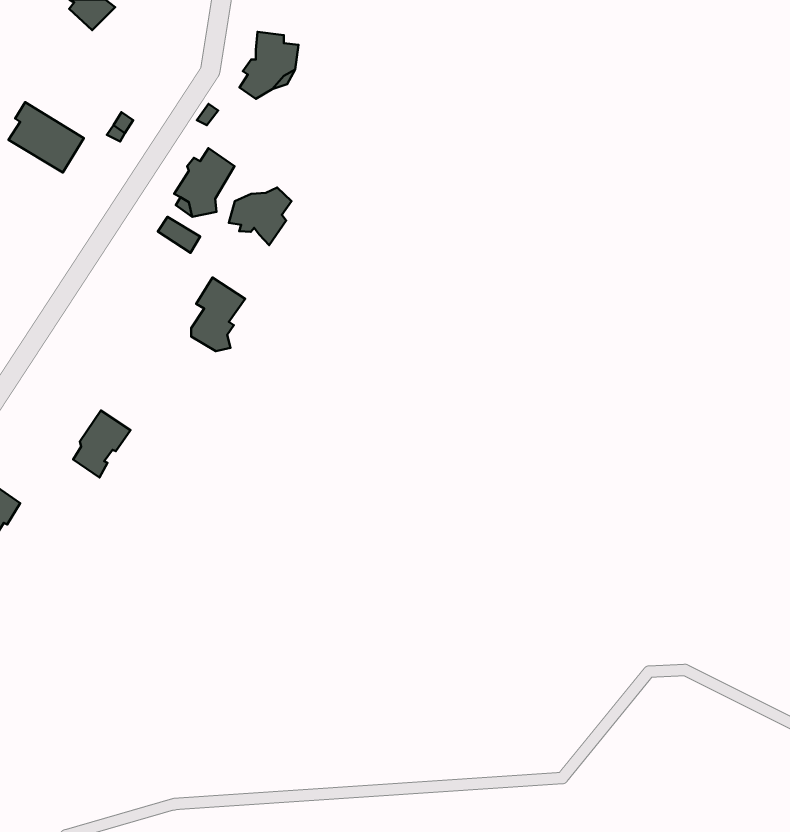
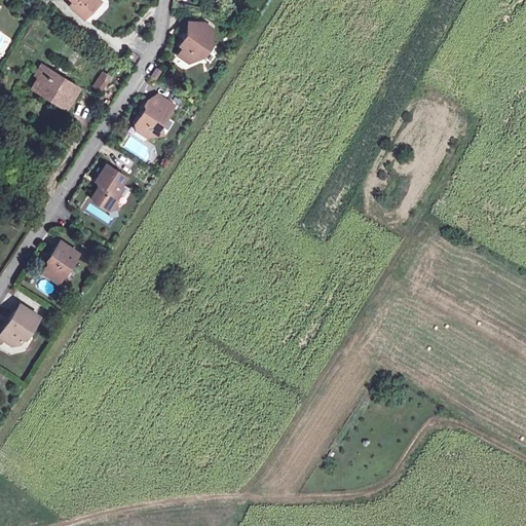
building: [229,187,292,245] -> none
building: [191,278,245,351] -> [93,164,127,211]
building: [73,410,130,478] -> [43,241,79,284]

